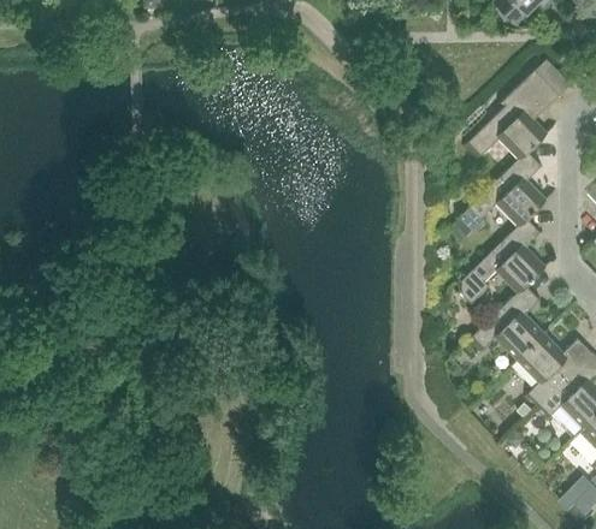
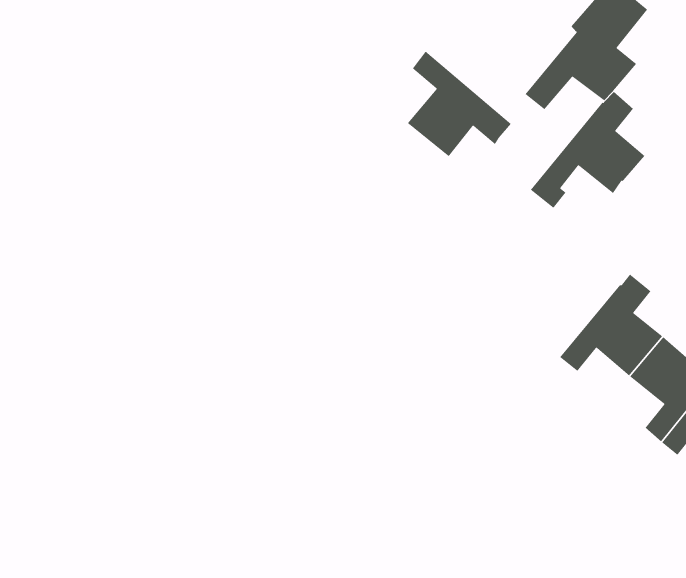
building: none -> [407,50,512,157]
building: [462,218,545,303] -> none

